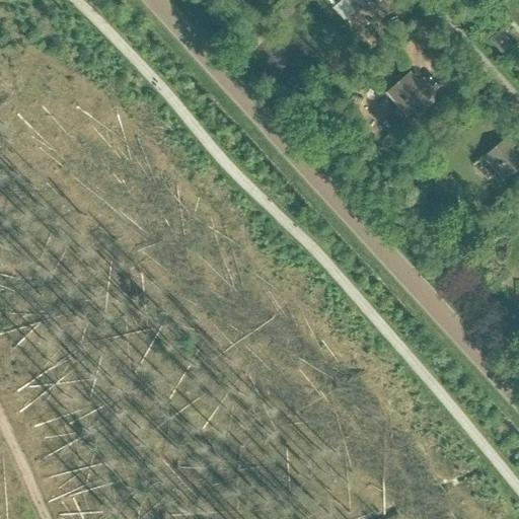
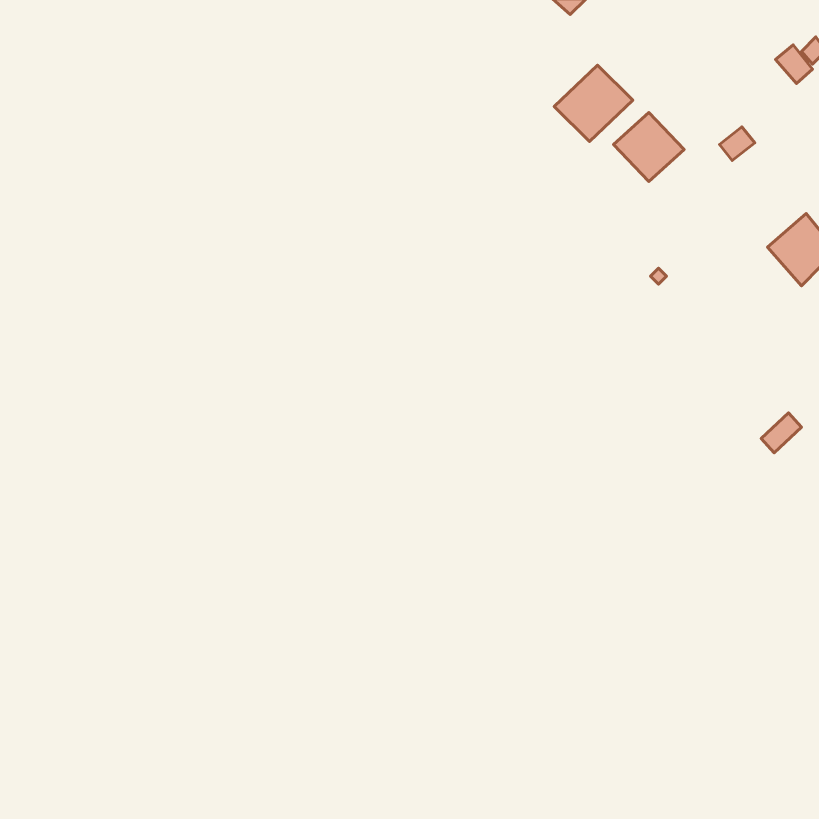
building: none -> [554,65,633,142]

